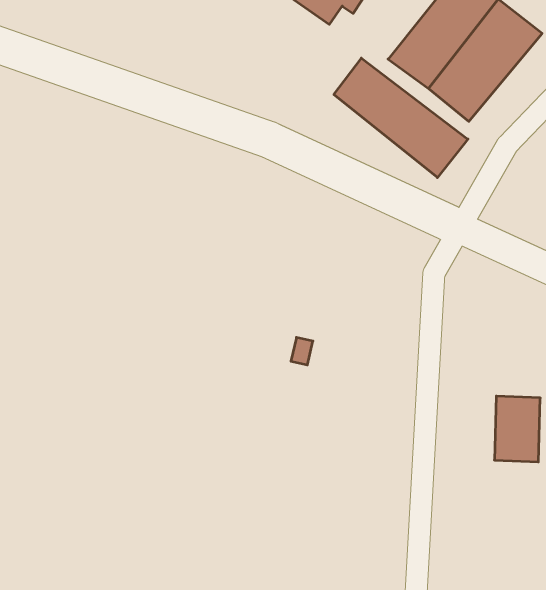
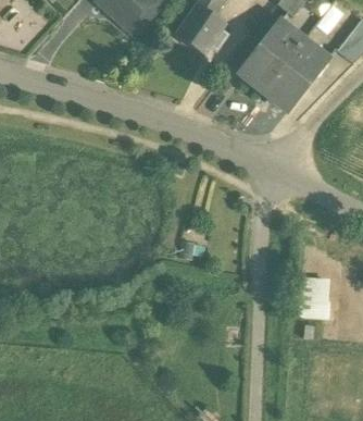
building: [334,58,468,178] -> none

